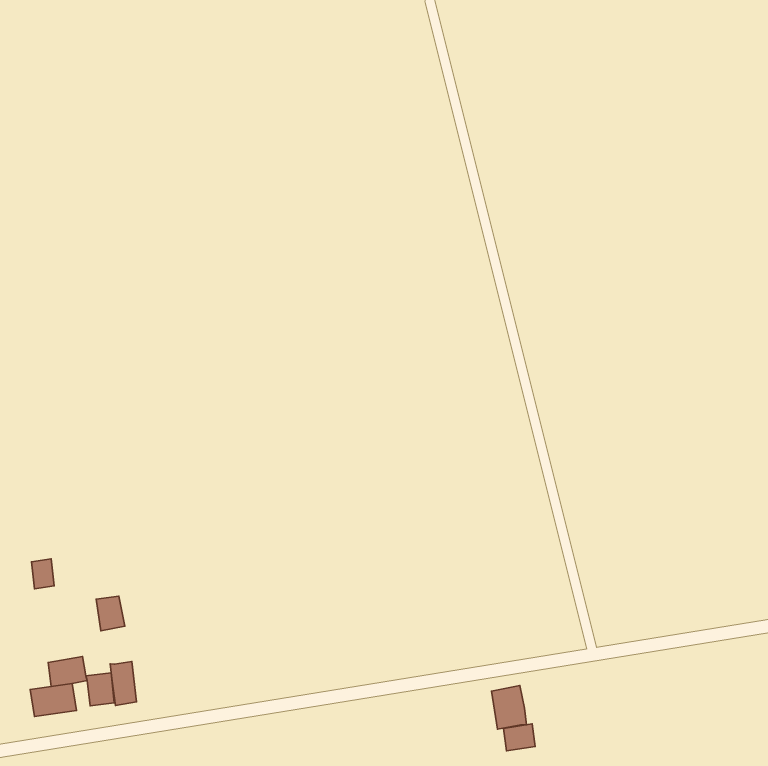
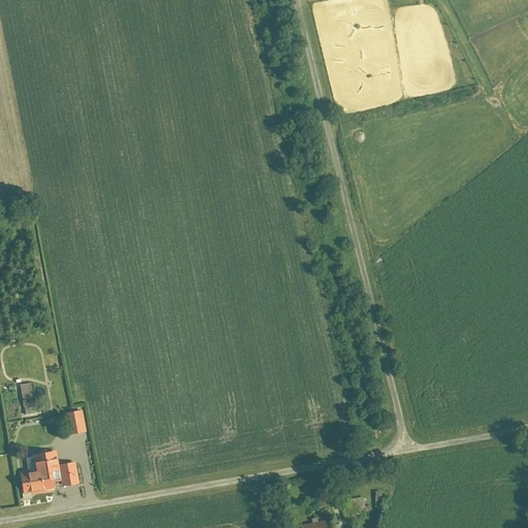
building: [110,662,136,706] -> none
building: [492,685,527,729] -> none

